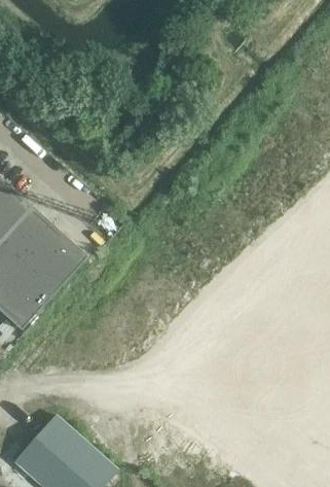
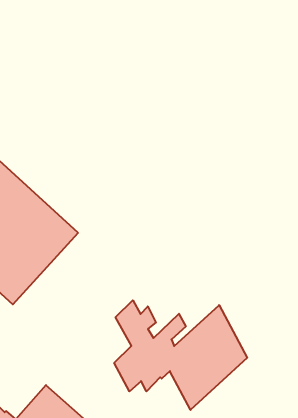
building: none -> [114,300,247,410]

